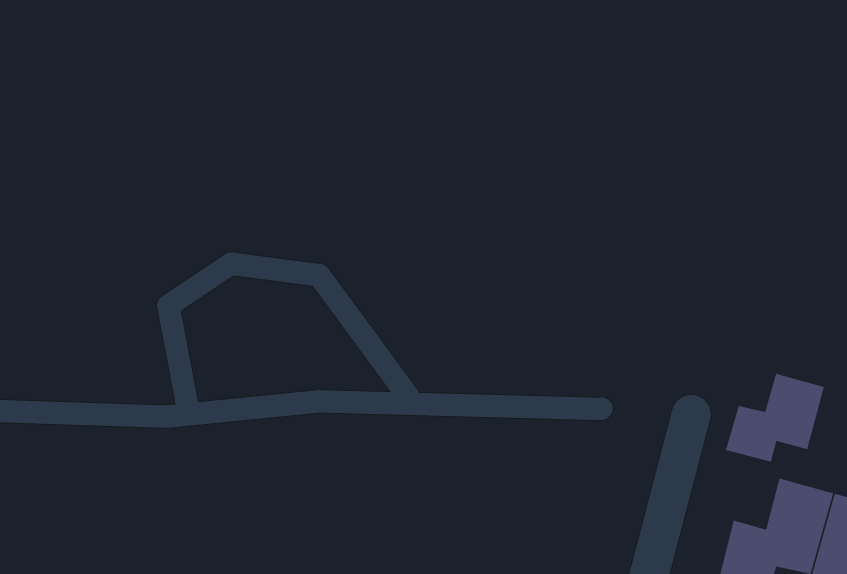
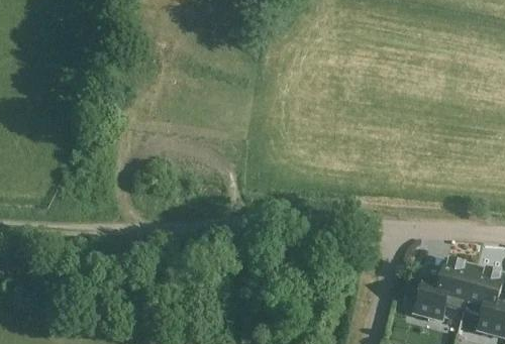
building: [725,373,825,463] -> none

